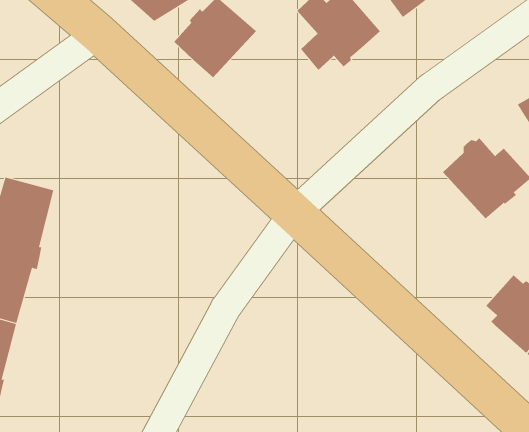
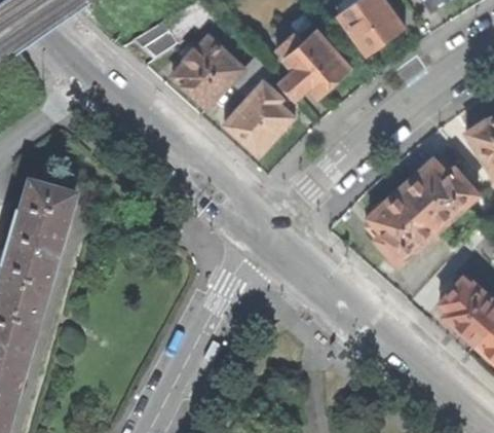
building: none -> [224,55,293,154]
building: none -> [368,187,438,262]

